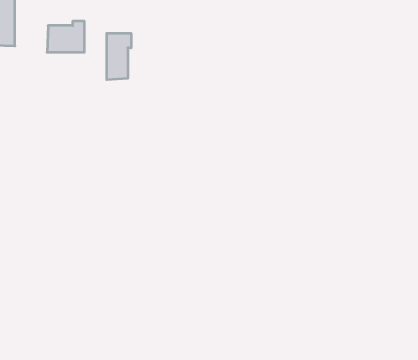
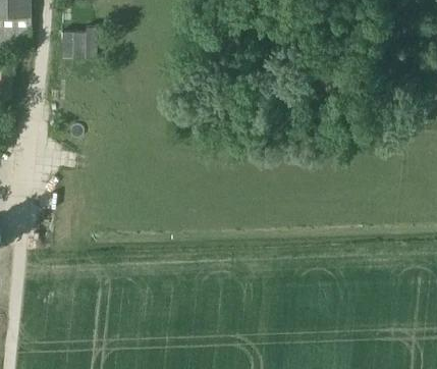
building: [107,33,131,80] -> none

